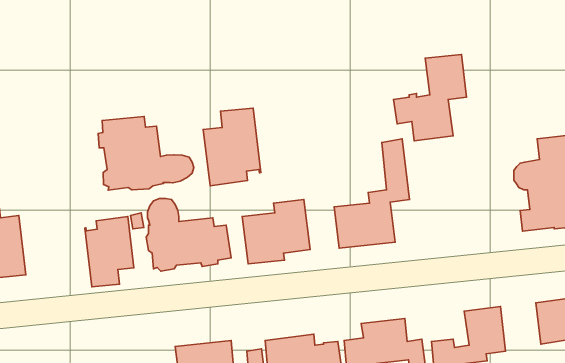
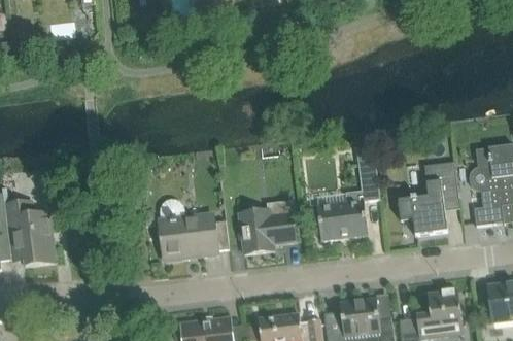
building: [394,55,466,141] -> [397,161,458,234]
building: [203,108,261,186] -> none
building: [98,116,194,190] -> none
building: [85,216,134,287] -> none

